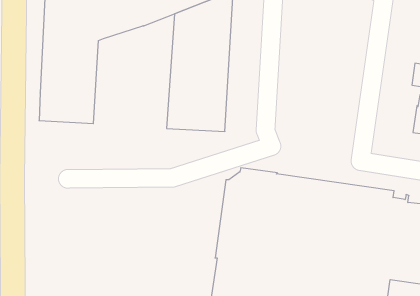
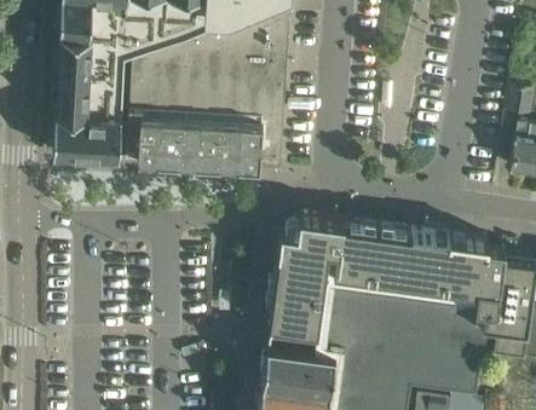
building: none -> [127,27,219,167]

